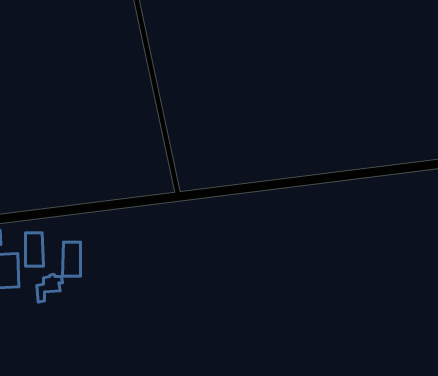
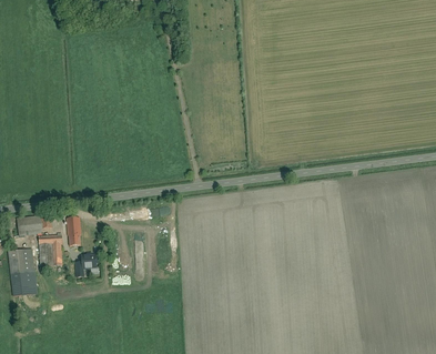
building: [62,242,81,276] -> none

